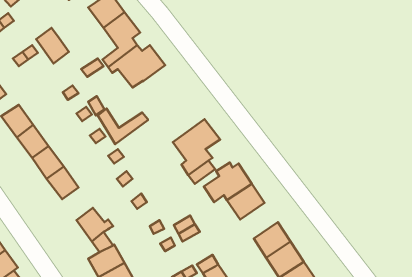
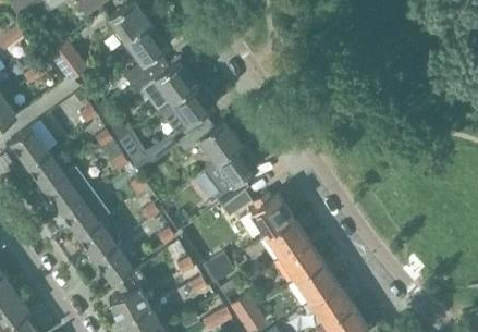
building: none -> [159,83,217,127]
building: none -> [175,120,240,161]
building: none -> [78,221,113,258]
building: none -> [280,238,322,279]

